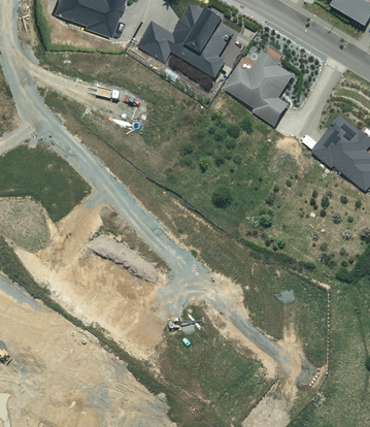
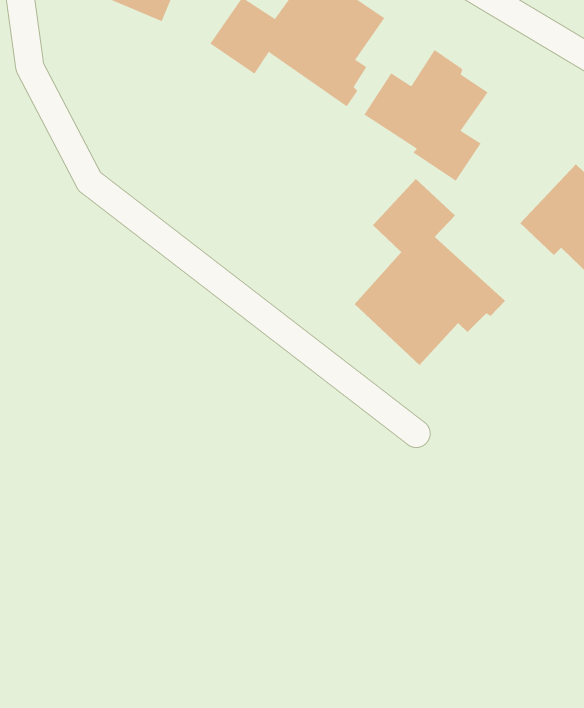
building: none -> [354,178,506,366]

